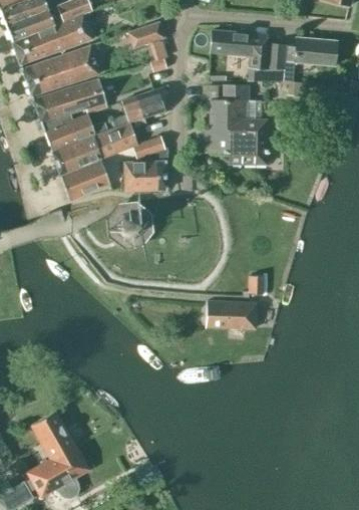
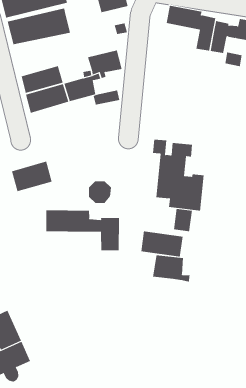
building: [33,77,107,130] -> none
building: [202,82,266,163] -> [152,139,204,211]
building: [60,159,110,199] -> [11,161,53,192]
building: [124,160,166,190] -> none
building: [115,210,143,238] -> [88,181,112,204]
building: none -> [46,210,119,251]
building: none -> [153,255,190,282]

